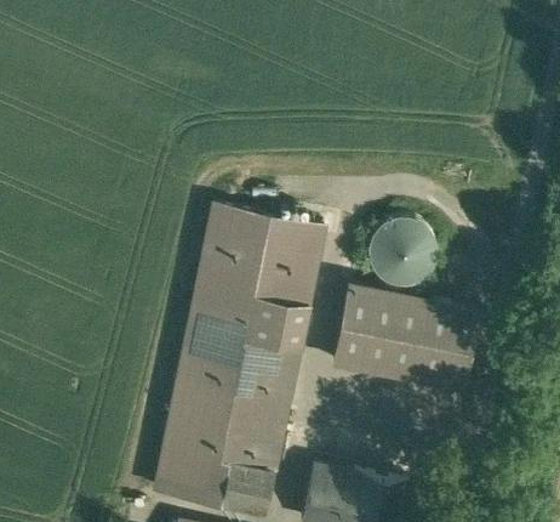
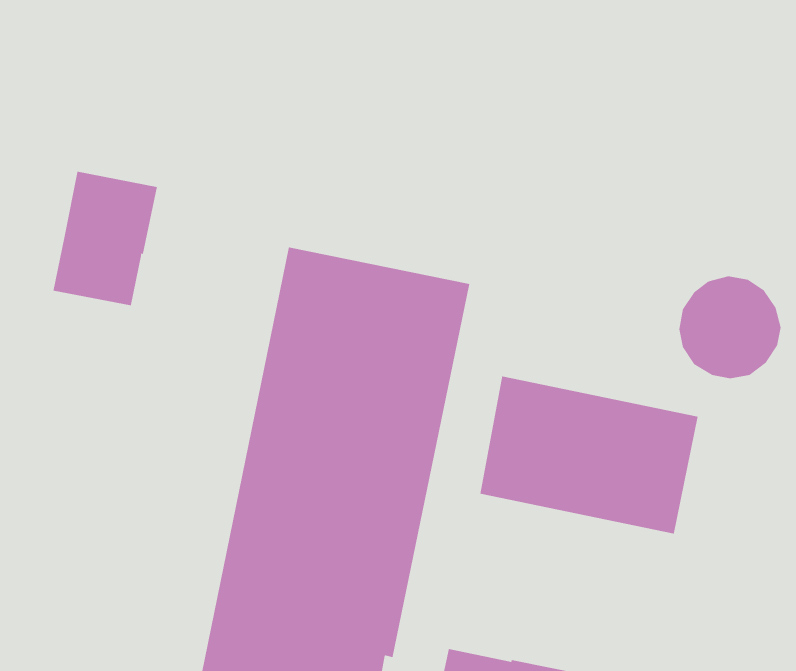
building: none -> [53,171,157,306]
building: [371,219,439,286] -> [678,276,782,379]

